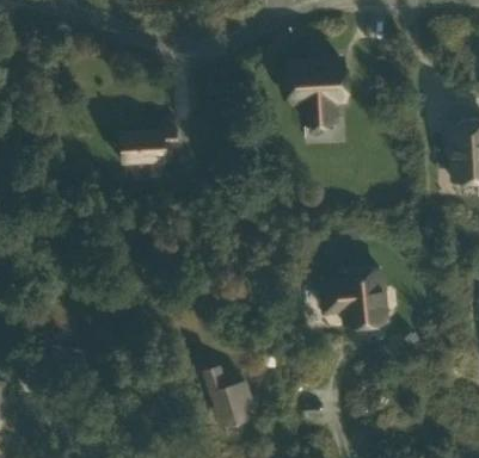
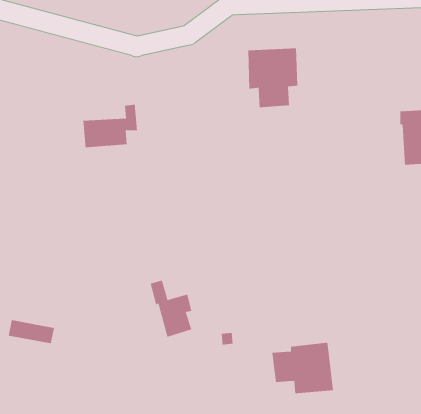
building: [323,272,387,326] -> [272,342,334,394]
building: [205,370,250,429] -> [150,280,192,338]

